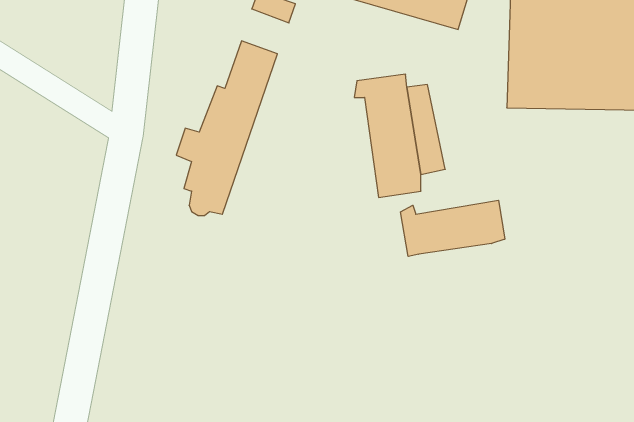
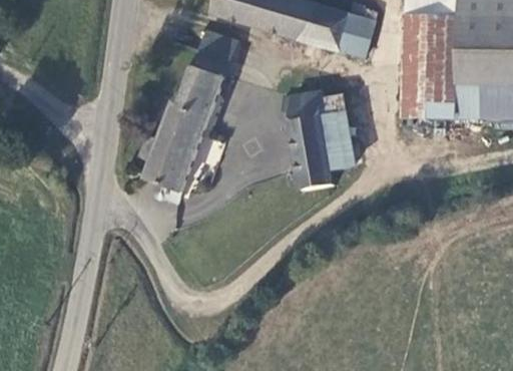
building: none -> [196,39,233,74]
building: [400,200,505,256] -> none

